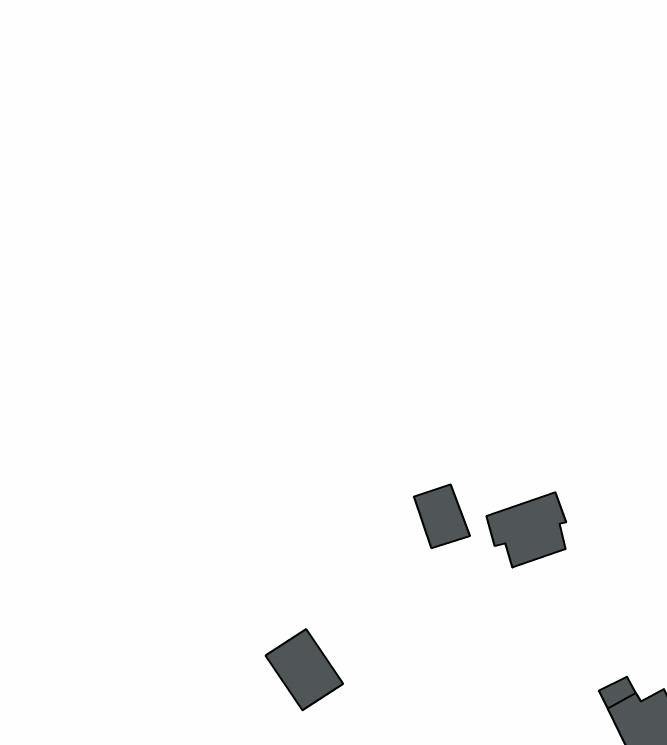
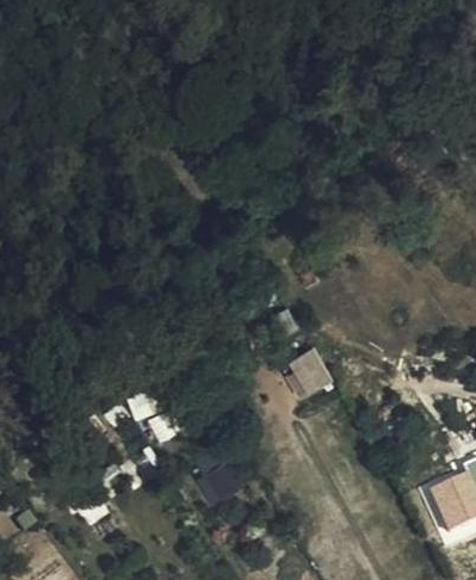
building: [487,492,566,568] -> none

